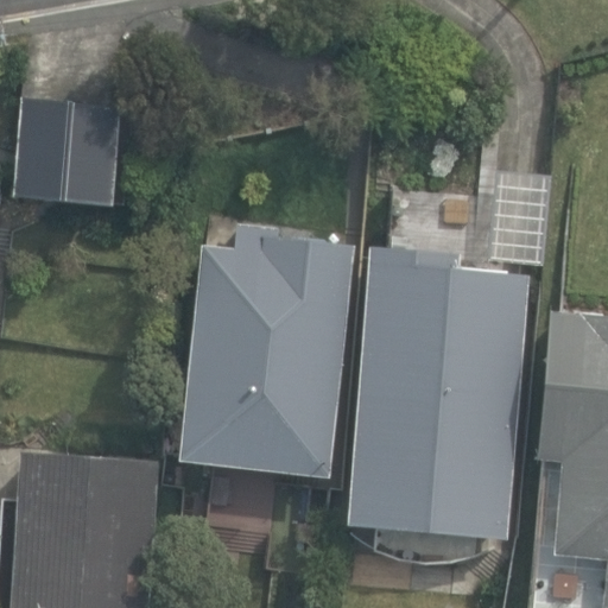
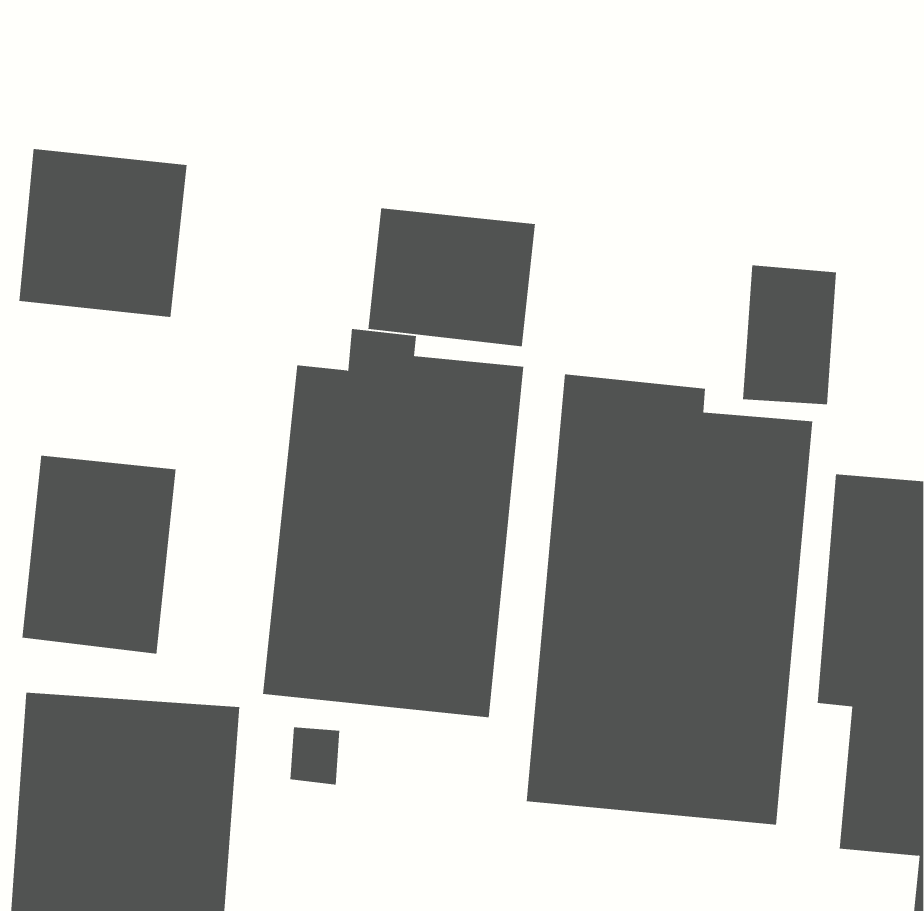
building: none -> [368,207,535,347]
building: none -> [22,455,176,654]

